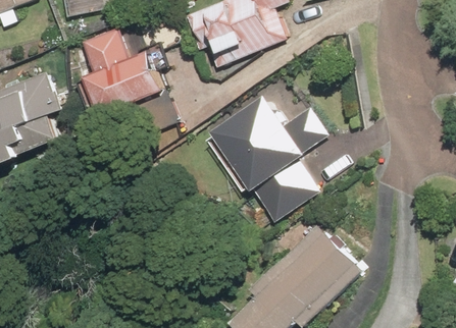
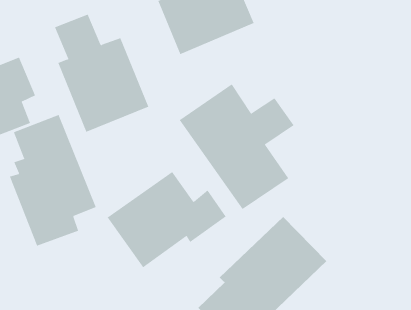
building: none -> [9,114,96,246]
building: none -> [107,171,227,268]

